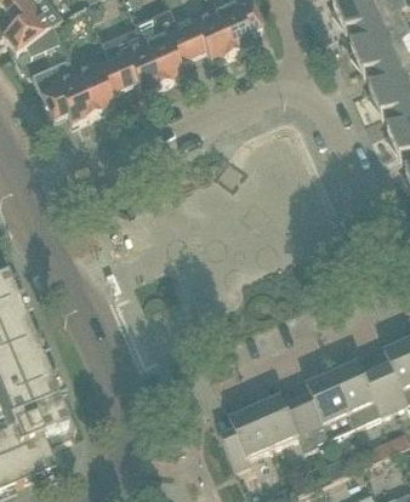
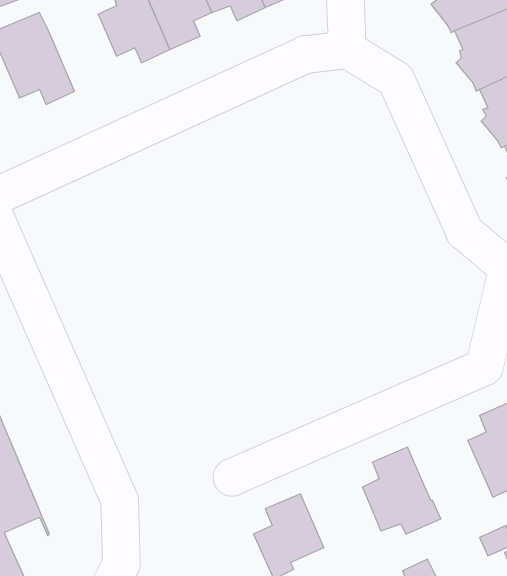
building: [72,57,121,113] -> none
building: [332,360,394,423] -> none
building: [255,394,319,449] -> none

